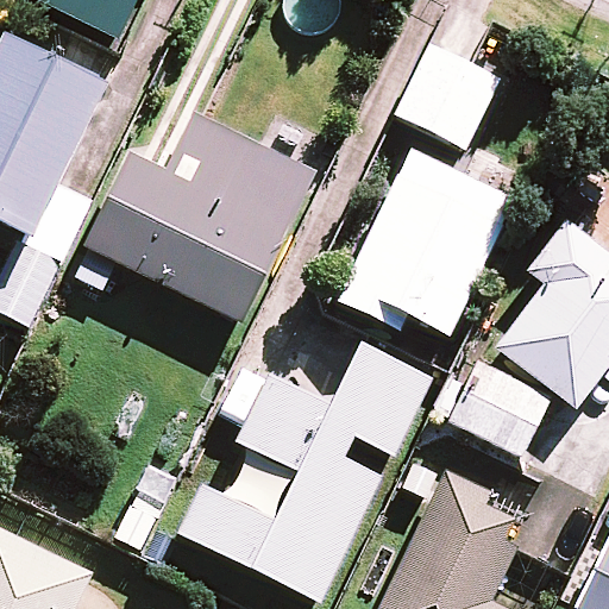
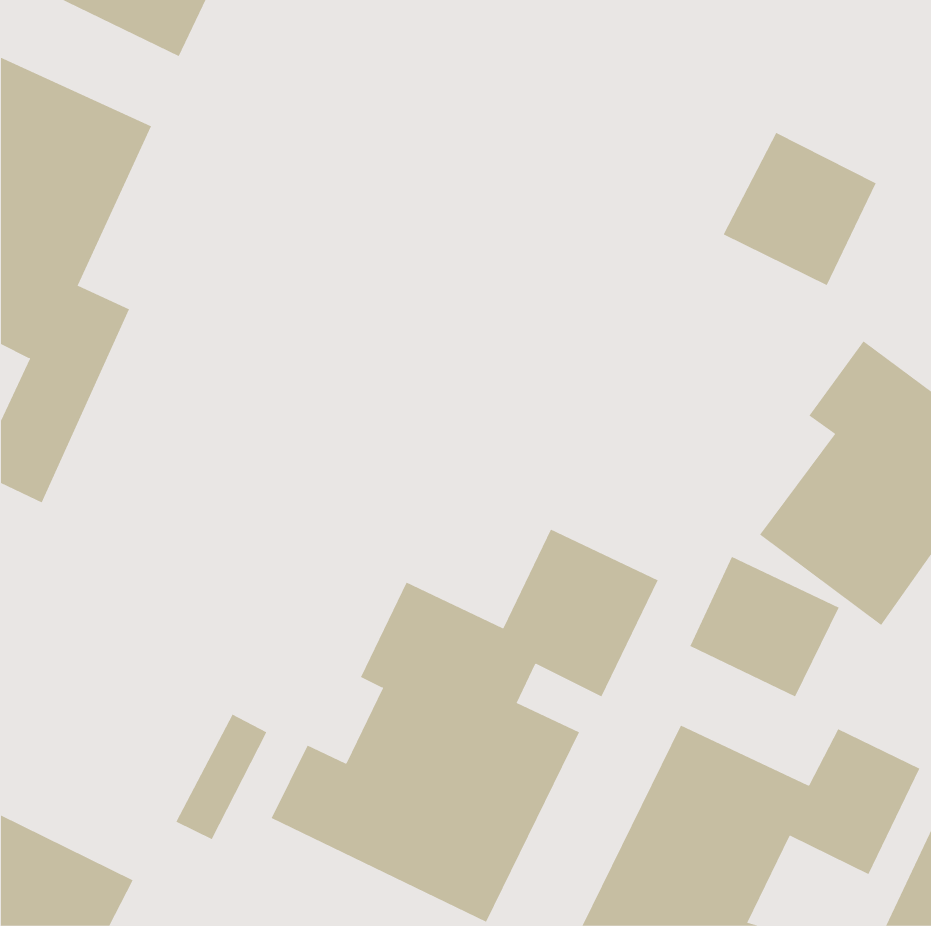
building: [396,46,496,146] -> [723,132,876,286]
building: [71,114,315,321] -> none
building: [338,150,513,333] -> none

